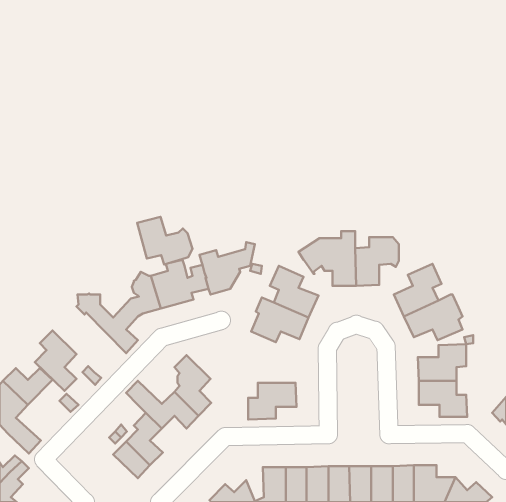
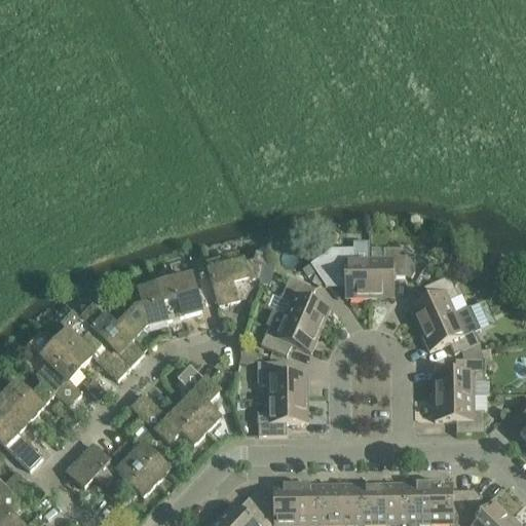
building: [137,217,192,264] -> none
building: none -> [54,317,129,379]
building: none -> [257,360,306,397]
building: none -> [68,446,117,486]

